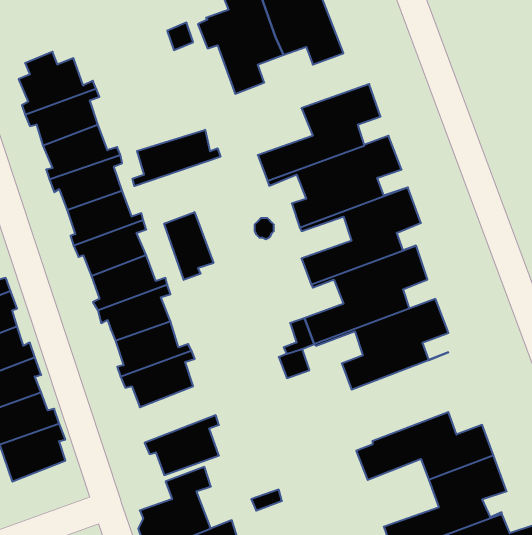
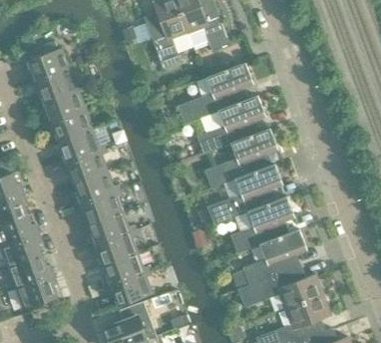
building: [132,130,220,186] -> none
building: [164,212,213,280] -> none
building: none -> [235,228,307,284]
building: none -> [103,250,150,285]

